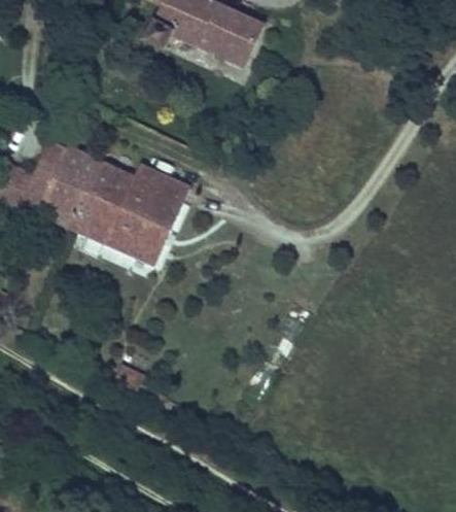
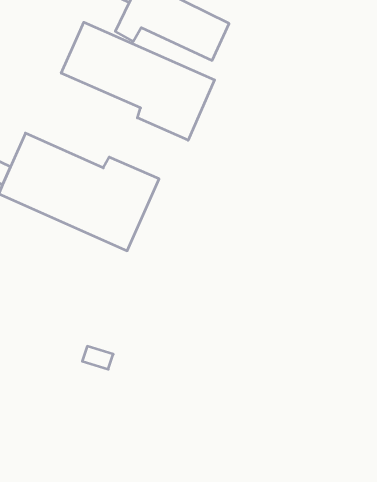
building: none -> [61,22,215,140]

